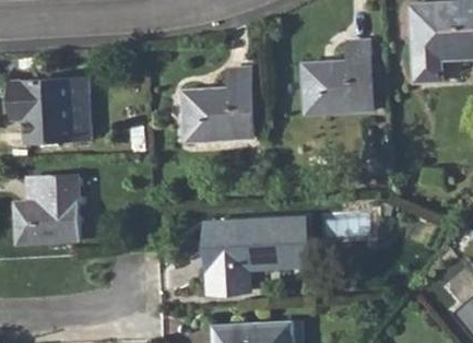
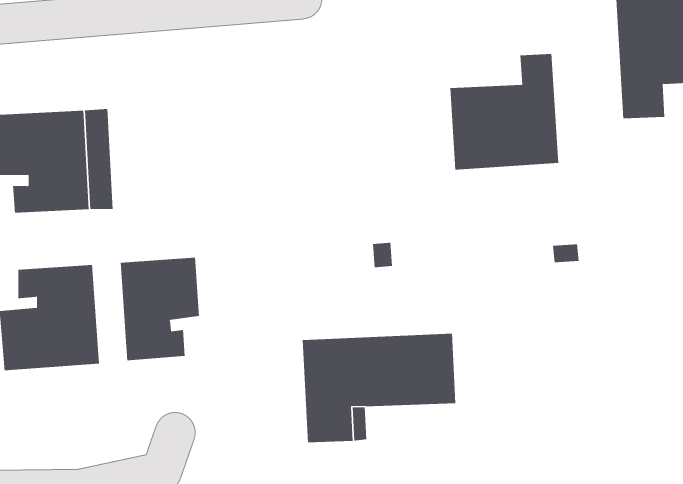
building: [181,67,252,140] -> none
building: none -> [120,257,199,361]

